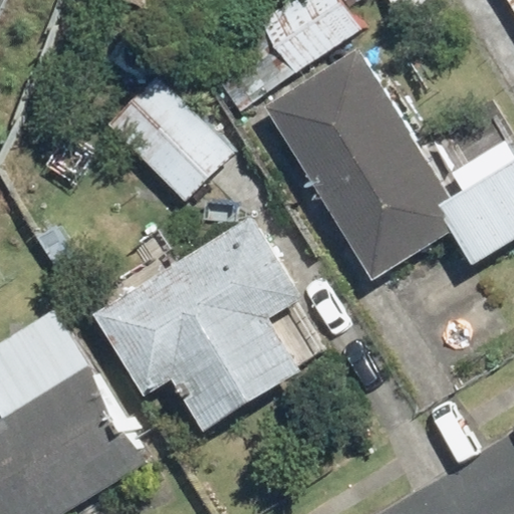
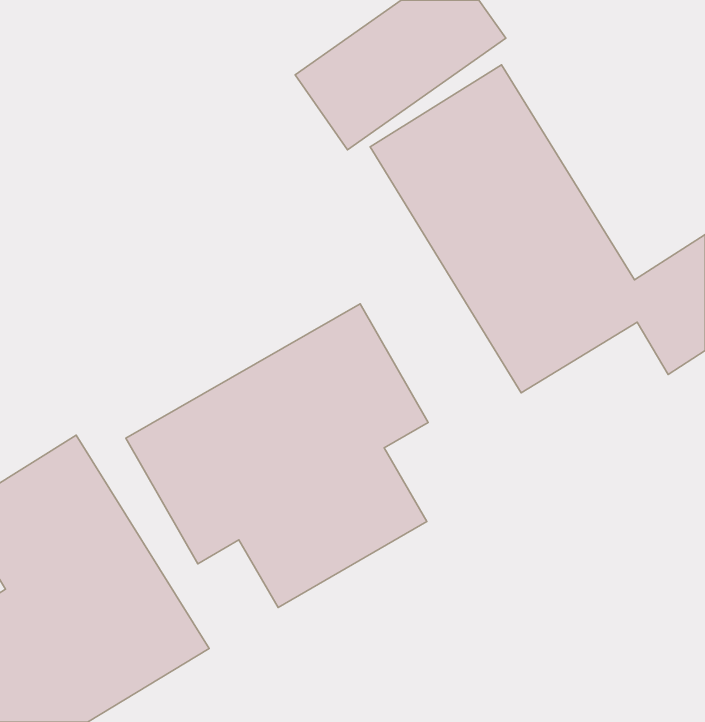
building: [99,71,238,202] -> none

